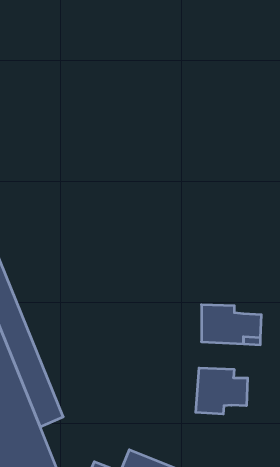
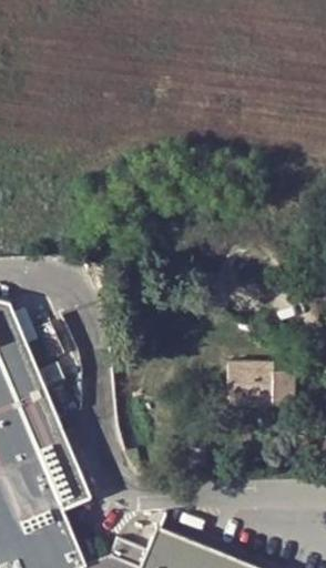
building: [196,368,248,414] -> none

